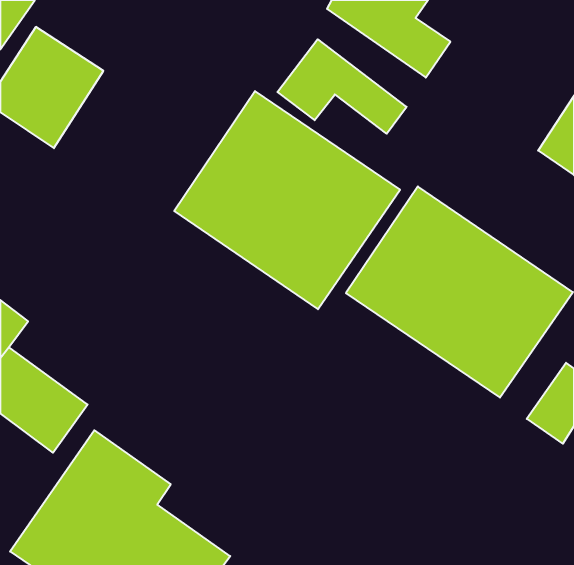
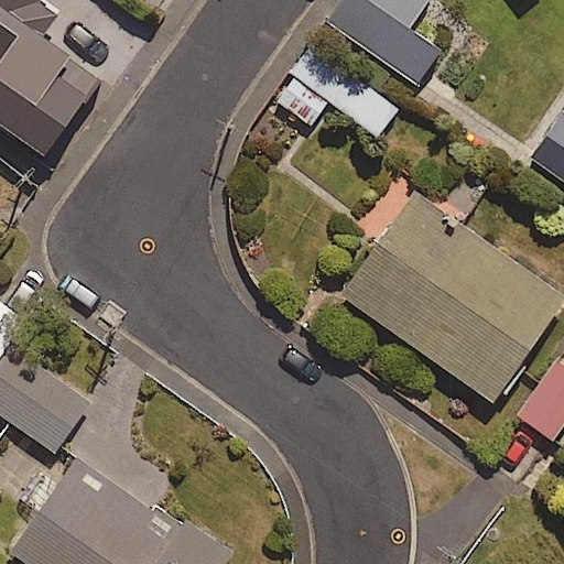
building: [174,91,400,309] -> none

